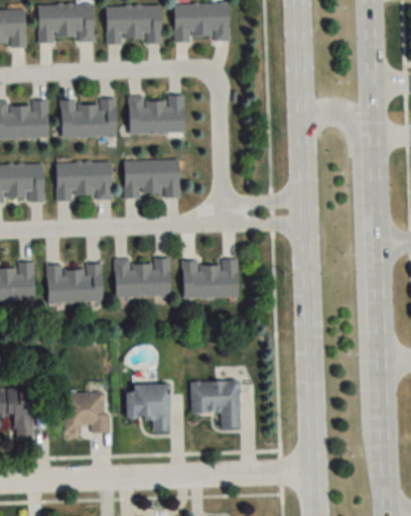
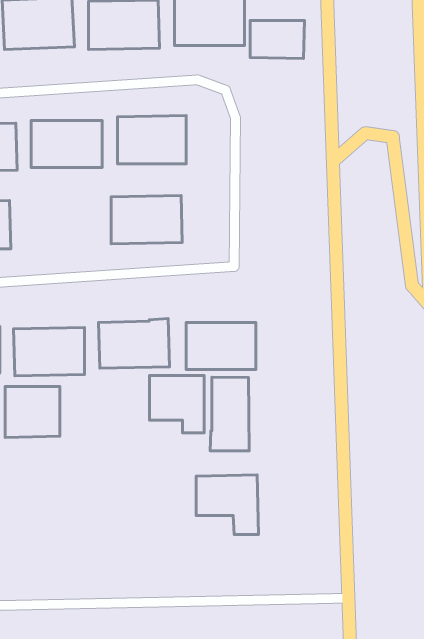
building: none -> [250,21,305,58]
building: [56,161,112,200] -> none
building: none -> [210,377,249,451]
building: [126,385,169,430] -> [149,376,204,433]
building: [64,393,108,433] -> [5,387,60,437]

